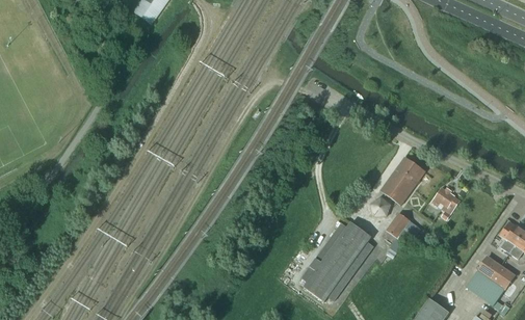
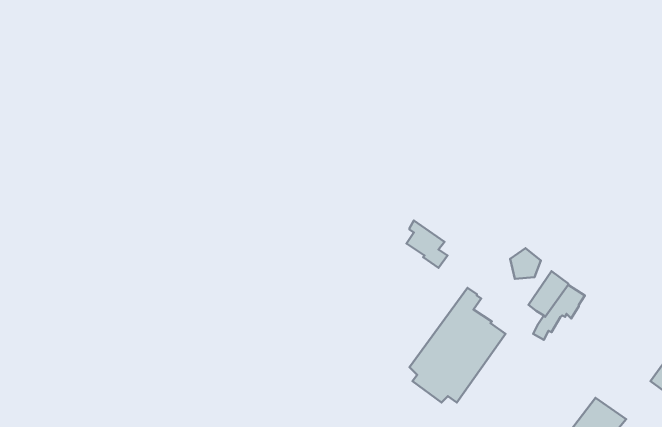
building: [380,156,425,204] -> none
building: [431,187,460,219] -> none
building: [345,221,373,254] -> [406,220,448,268]

